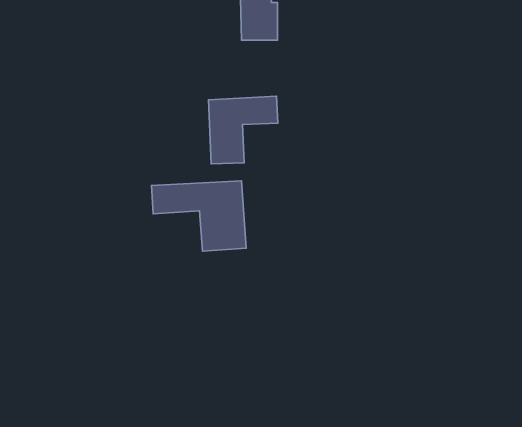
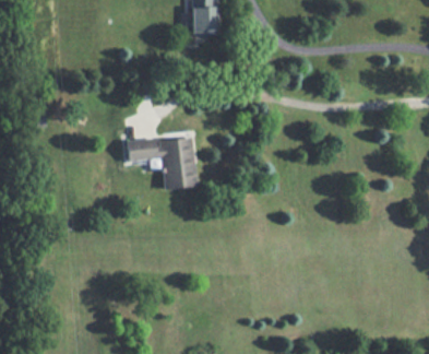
building: [208,96,278,164] -> none

